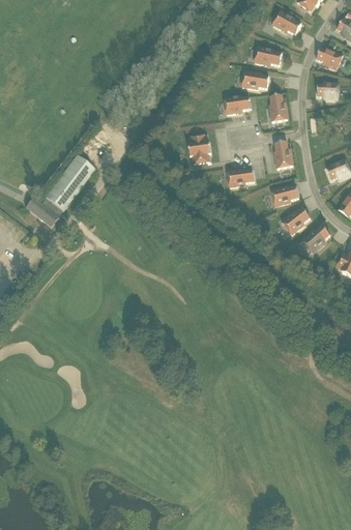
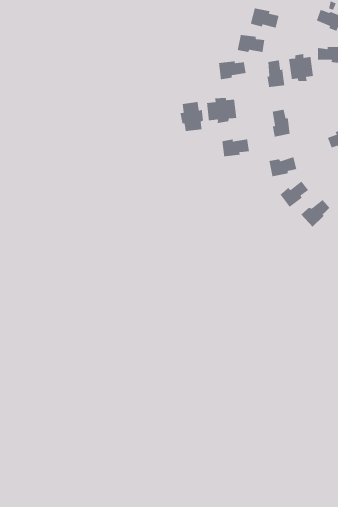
building: none -> [288,53,314,82]
building: none -> [206,97,237,124]
building: [25,154,94,226] -> none

